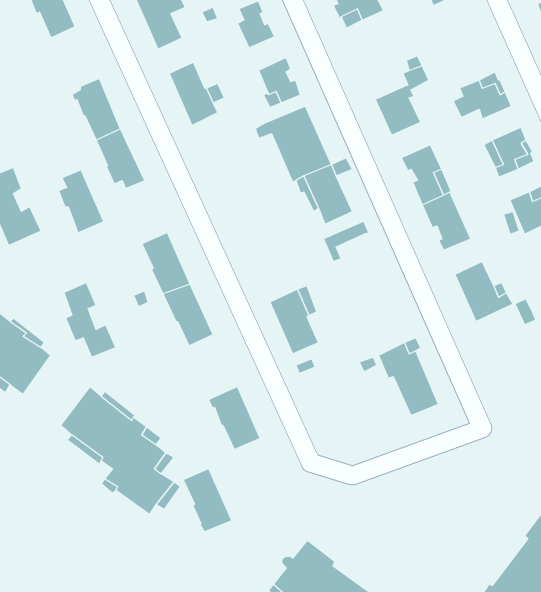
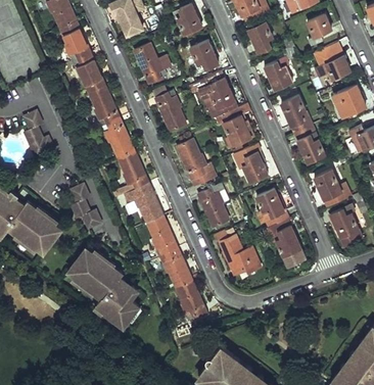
building: none -> [308,15,329,47]
building: none -> [60,22,91,63]
building: none -> [248,22,273,54]
building: none -> [155,95,186,133]
building: [58,170,104,233] -> [105,119,134,159]
building: none -> [177,141,217,188]
building: none -> [240,153,267,183]
building: none -> [258,190,284,223]
building: none -> [331,206,362,246]
building: none -> [147,216,178,255]
building: none -> [220,237,261,276]
building: [183,468,232,532] -> [176,282,206,322]

